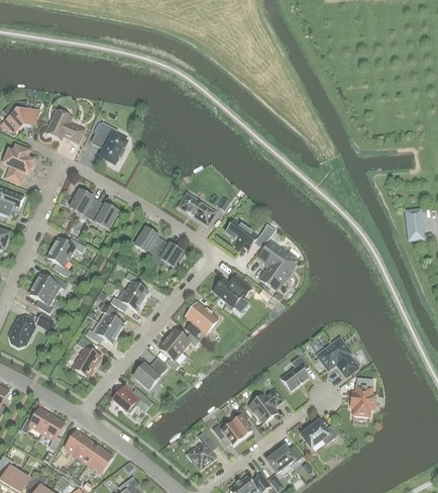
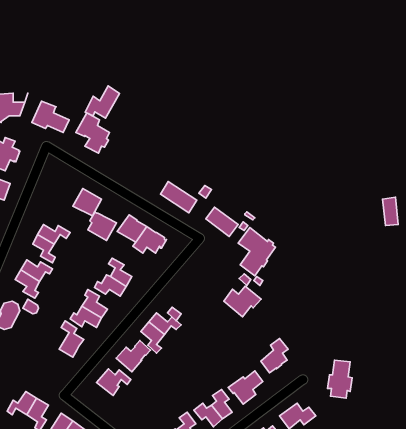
building: none -> [85,86,119,118]
building: [70,188,99,217] -> [88,212,116,241]
building: [214,274,252,305] -> [224,286,261,317]
building: [187,301,217,331] -> none
building: [318,337,358,375] -> none

